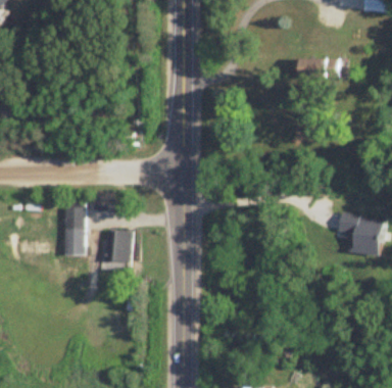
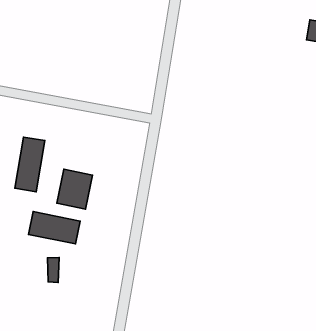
building: none -> [28,211,80,244]

